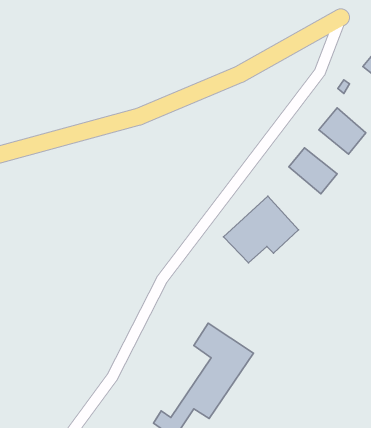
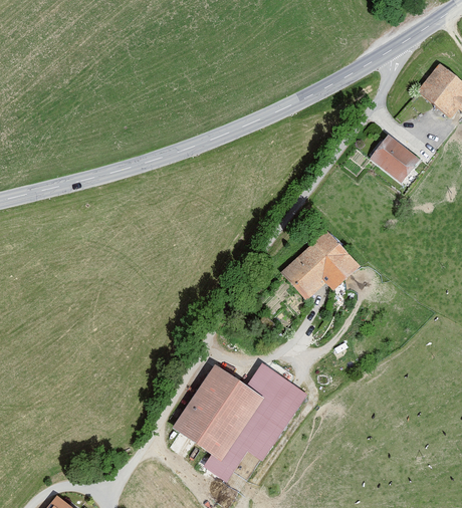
building: [289,148,337,194] -> none
building: none -> [173,365,263,461]

